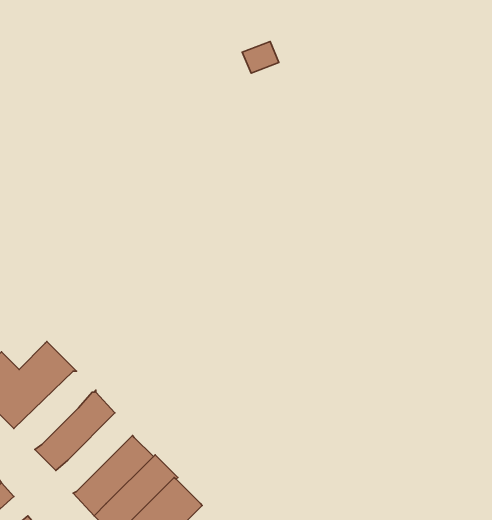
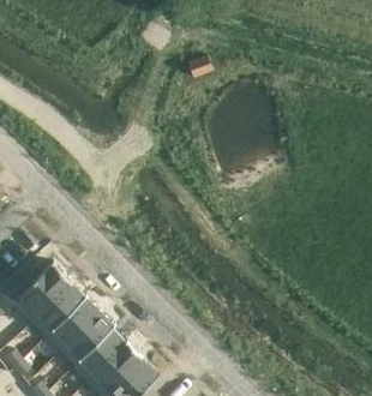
building: none -> [29,282,85,336]
building: none -> [58,311,114,365]

